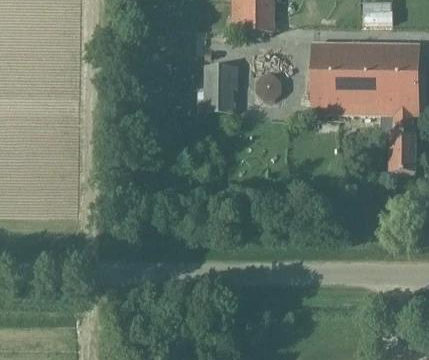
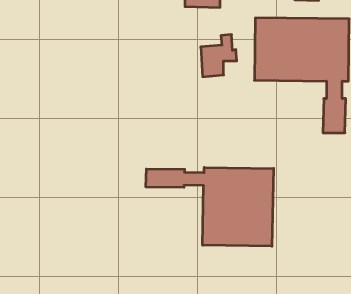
building: [197,62,234,110] -> none
building: none -> [146,167,274,246]

